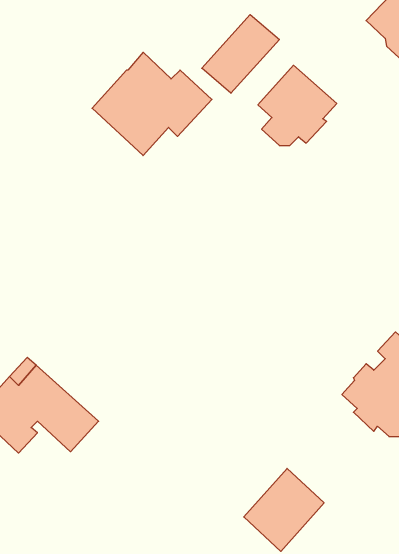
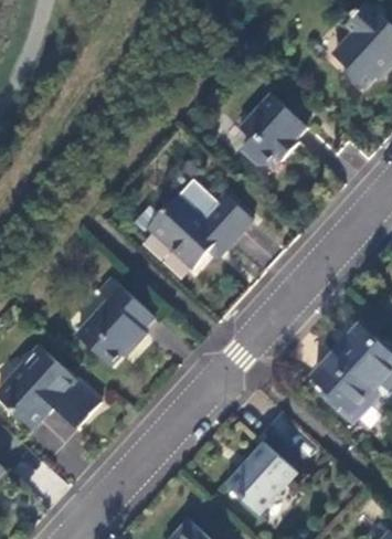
building: [202,15,279,93] -> none
building: [92,52,212,156] -> [148,179,252,268]
building: none -> [76,277,155,367]

